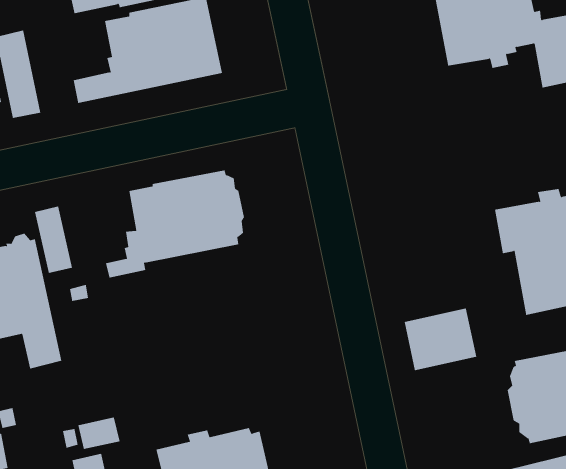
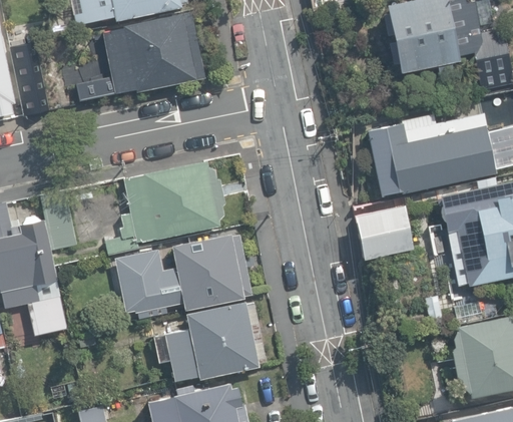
building: none -> [367,114,495,196]
building: none -> [116,234,251,313]
building: [404,308,477,371] -> [352,206,415,261]
building: none -> [153,303,266,382]

